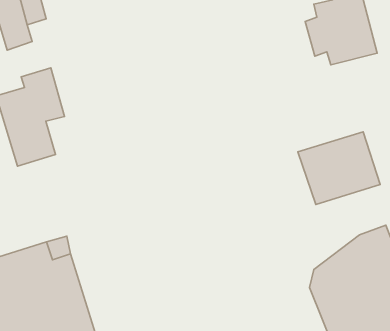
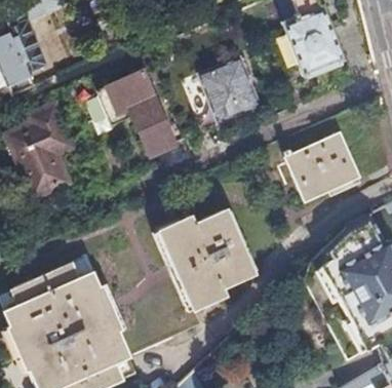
building: none -> [94,65,173,152]
building: none -> [181,56,261,129]
building: none -> [158,208,252,310]

